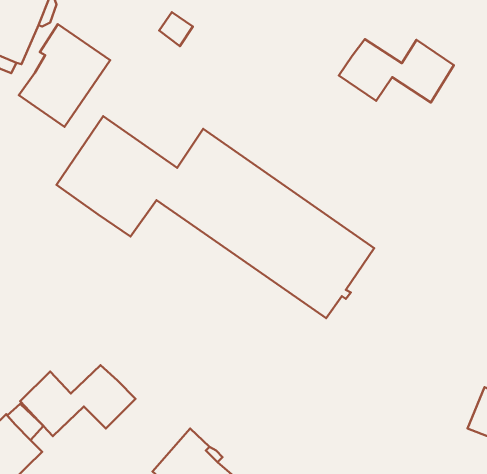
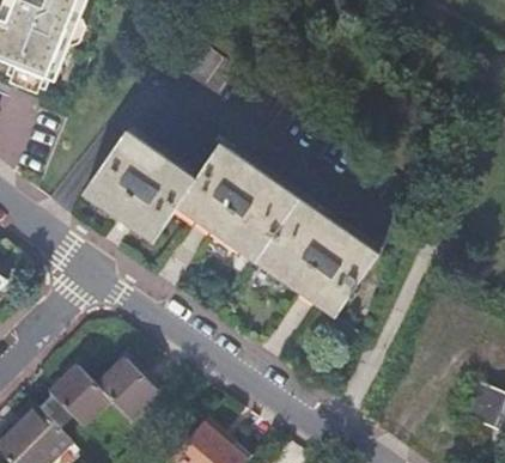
building: [19,24,110,127] -> none
building: [339,39,454,102] -> none

